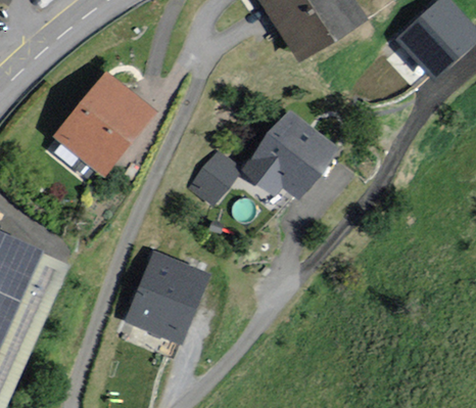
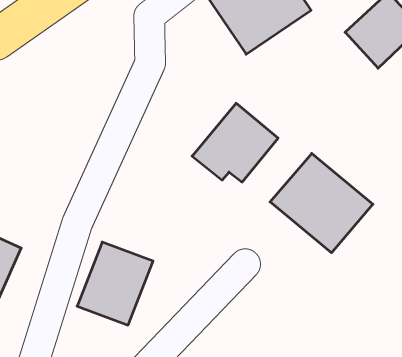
building: [53,70,157,177] -> none
building: [192,153,238,201] -> none
building: none -> [270,153,373,253]

